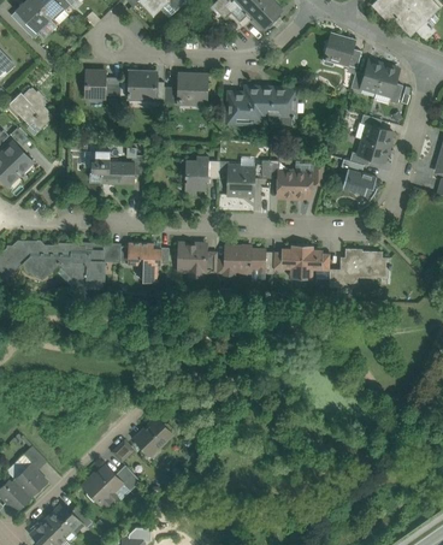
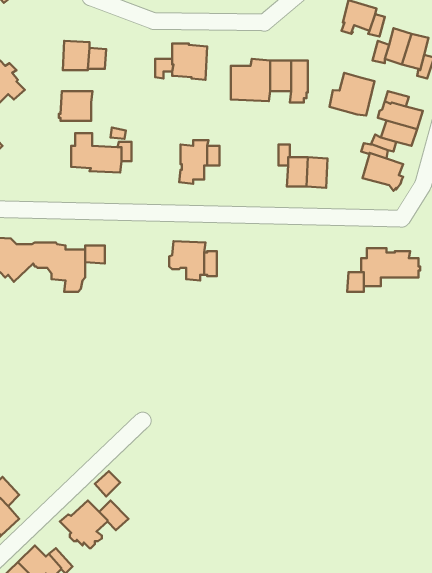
building: [128,72,156,97] -> [59,91,93,121]
building: none -> [330,73,374,116]
building: [228,165,255,195] -> none
building: [128,242,161,282] -> none
building: [224,244,266,276] -> none
building: [280,244,323,278] -> none
building: [136,417,173,455] -> none

